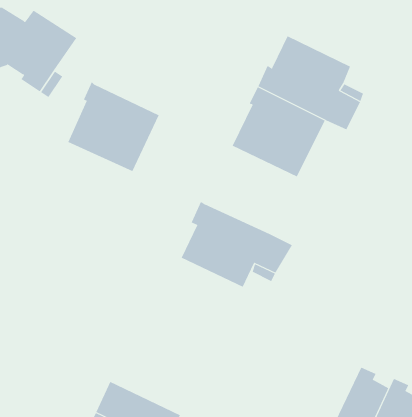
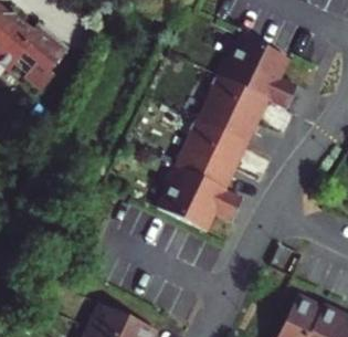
building: [67,81,160,172] -> [175,117,246,188]

